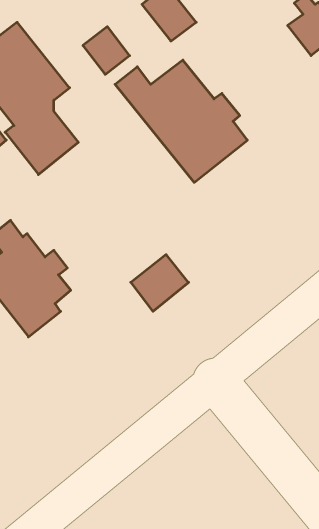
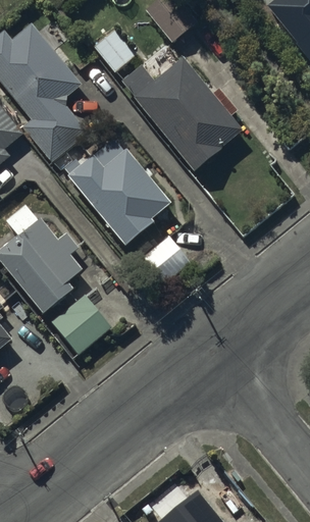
building: none -> [65,141,169,245]
building: none -> [52,296,111,355]

